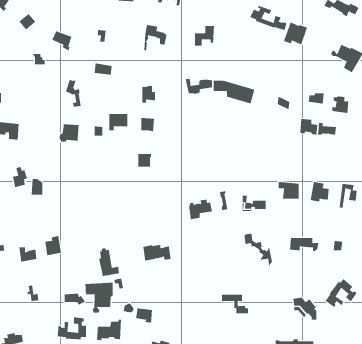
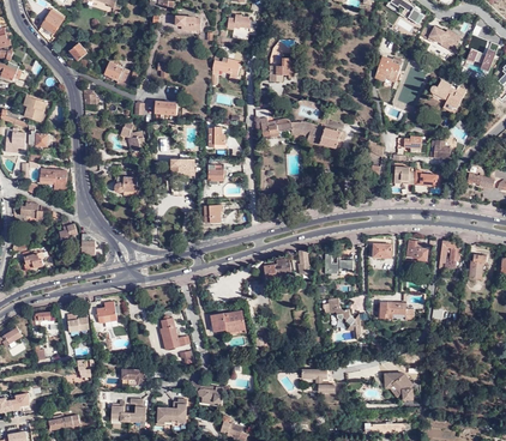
building: [250,5,287,31] -> none
building: [325,278,357,308] -> none
building: [85,282,113,313] -> none

